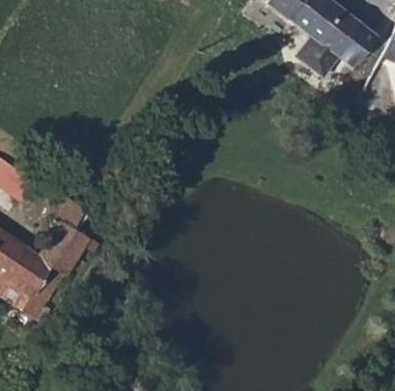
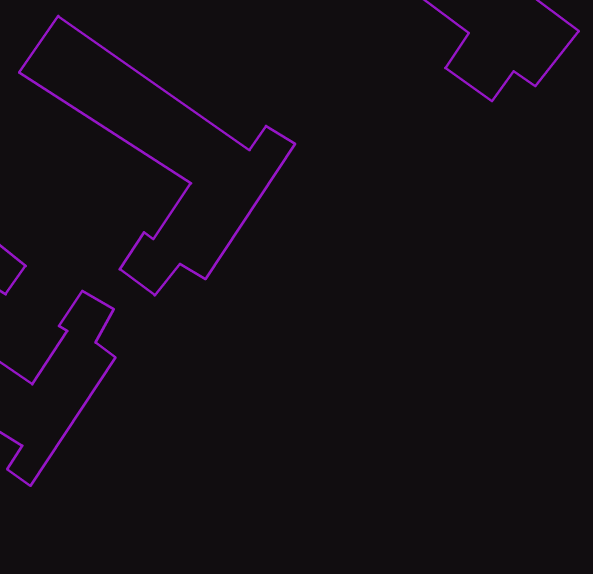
building: none -> [19,16,295,295]

